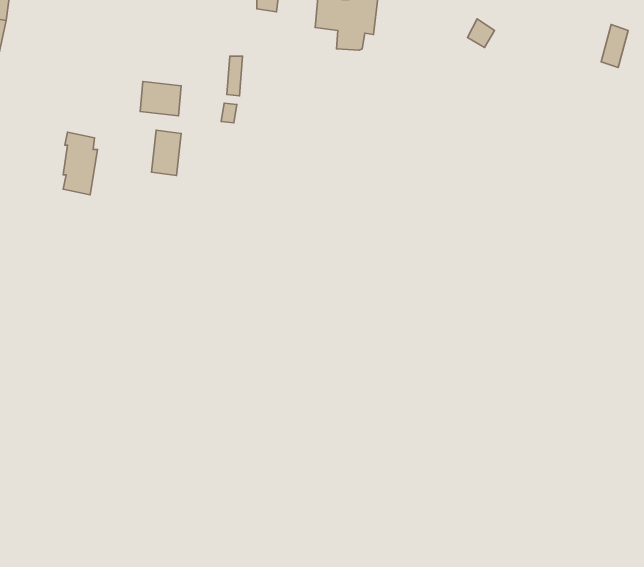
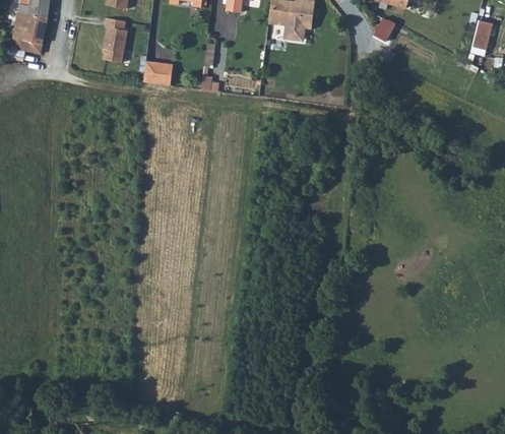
building: [152,130,181,175] -> none
building: [63,132,97,195] -> [104,17,128,62]

